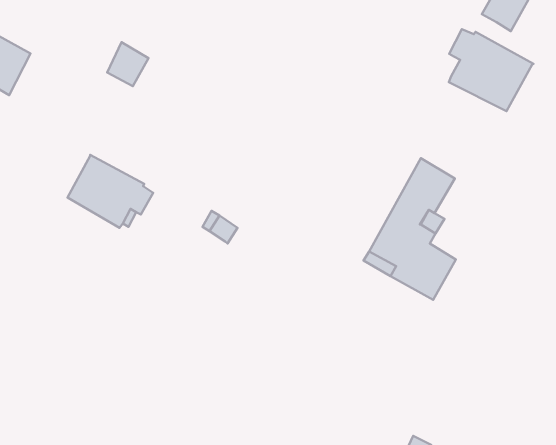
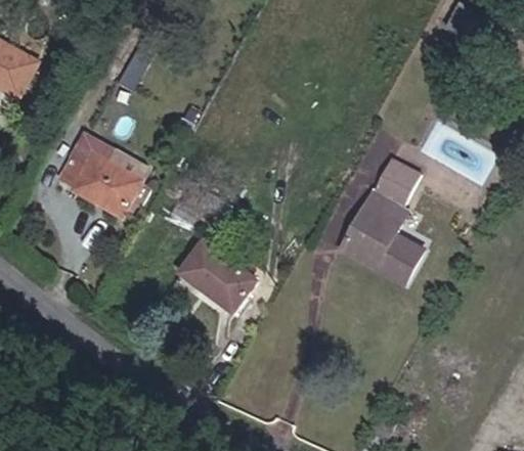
building: [449,29,533,111] -> none
building: none -> [53,142,92,190]
building: none -> [180,236,259,312]

